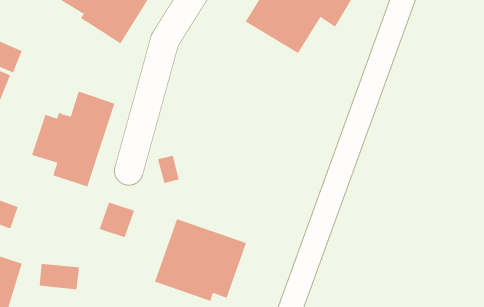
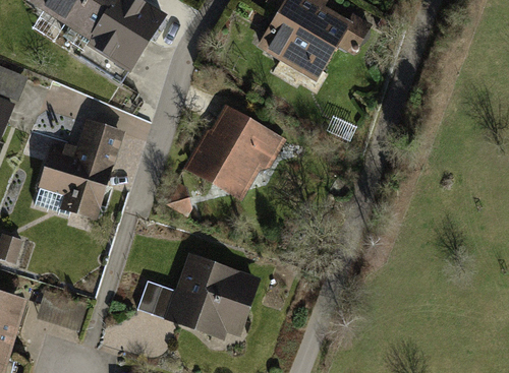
building: none -> [183,104,285,200]
building: [99,202,135,238] -> [136,281,174,318]

